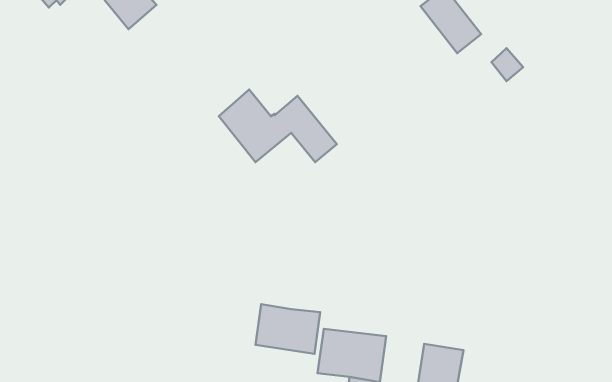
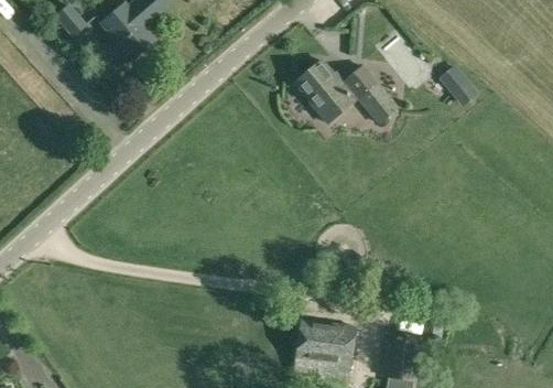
building: [219,90,337,162] -> [294,60,397,122]
building: [256,304,320,354] -> none

